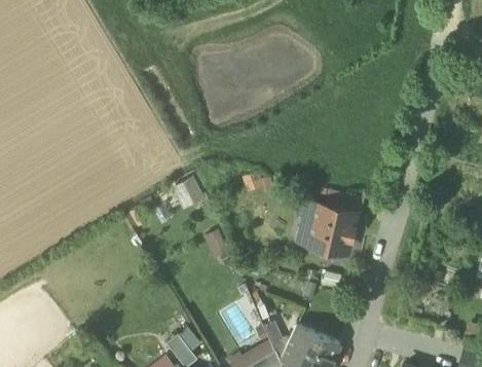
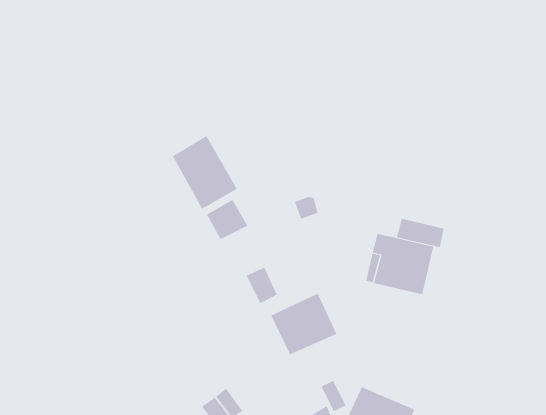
building: none -> [172,135,237,210]
building: none -> [270,293,337,355]

